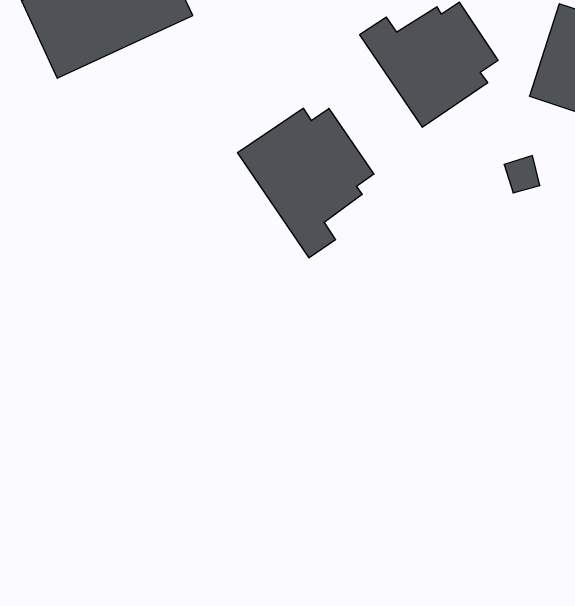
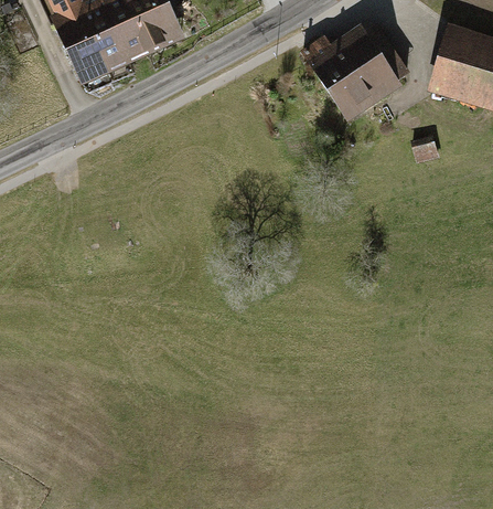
building: [238,108,374,258] -> none

